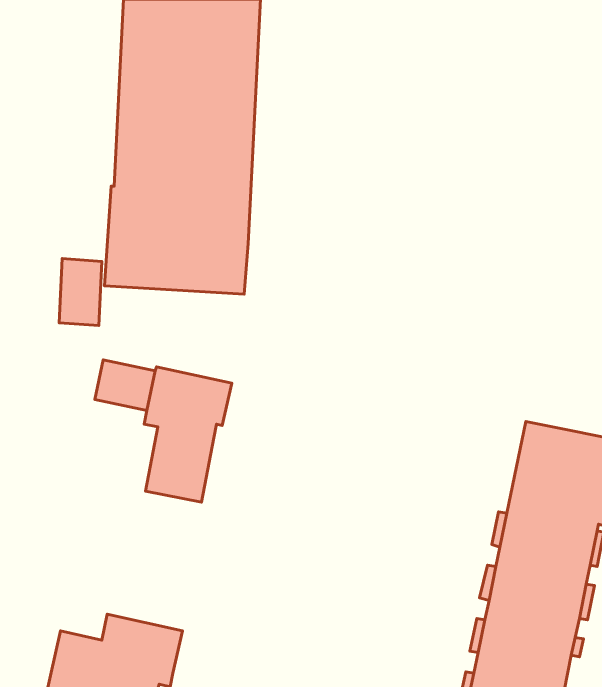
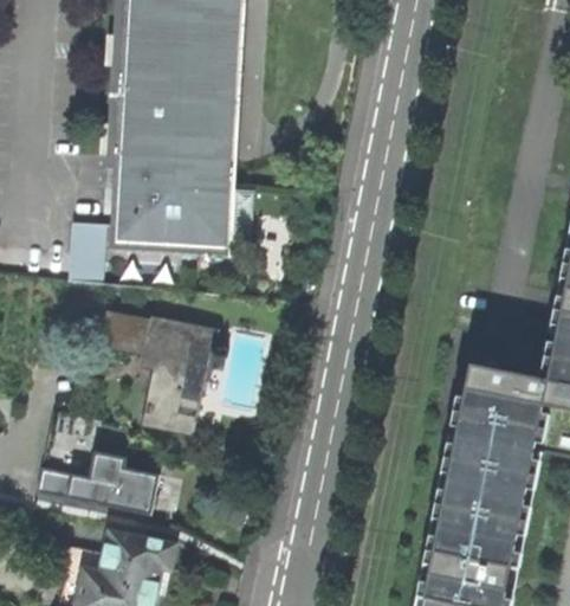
building: none -> [35,452,160,516]

